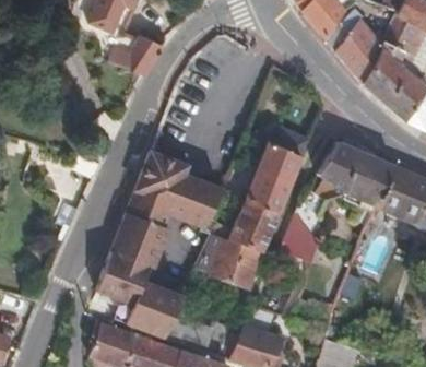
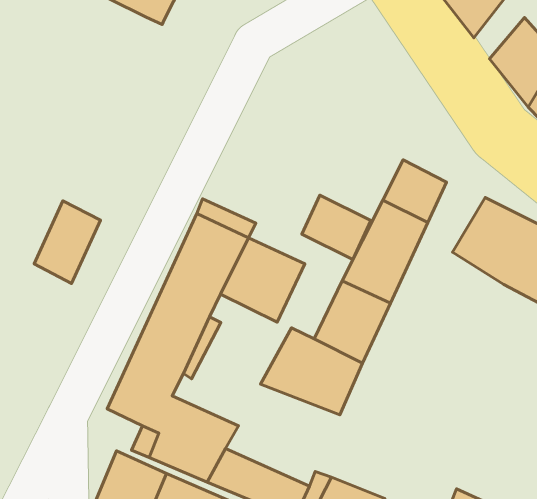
building: [102,33,165,75] -> none
building: none -> [302,195,371,259]
building: none -> [34,201,101,283]
building: [286,211,318,263] -> none

